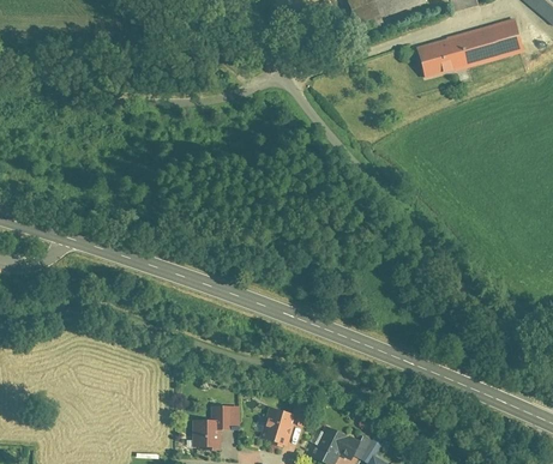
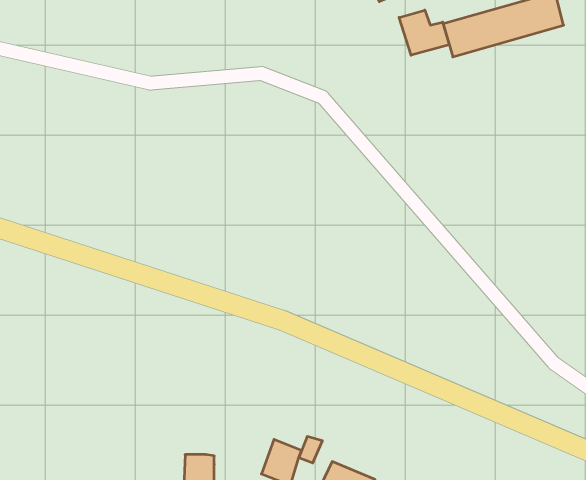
building: none -> [399,10,449,55]
building: [211,405,240,428] -> none

